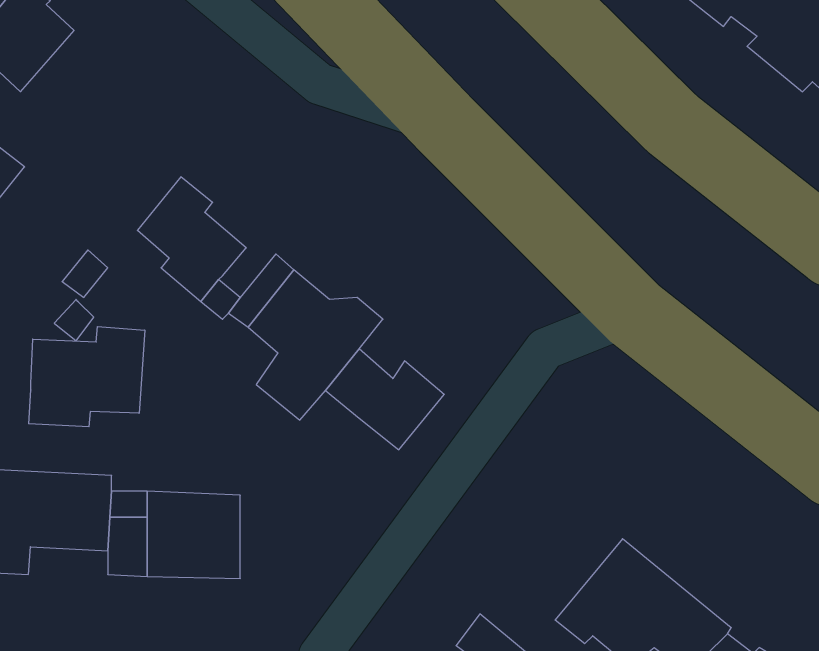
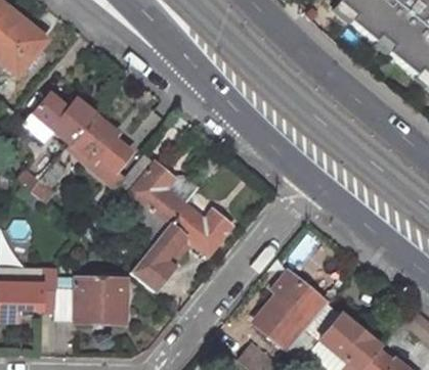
building: none -> [37,94,97,143]
building: [29,327,145,427] -> none
building: none -> [134,226,189,291]
building: none -> [260,274,326,350]

